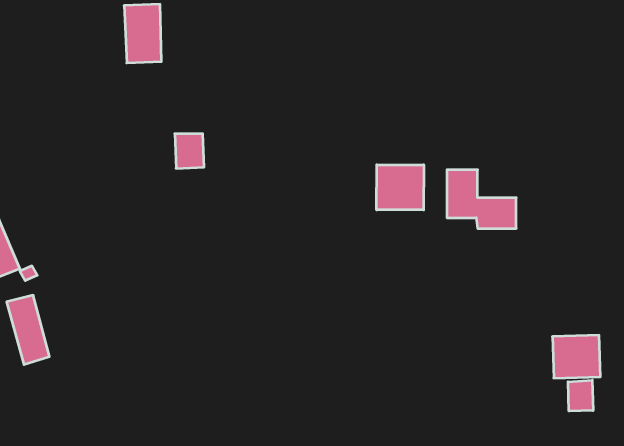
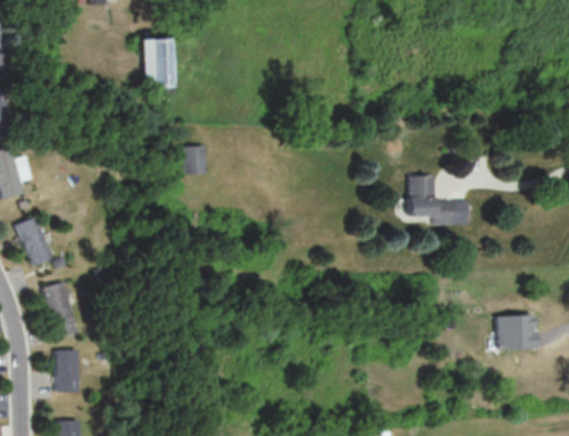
building: [377,165,424,210] -> none
building: none -> [57,349,80,390]
building: [568,380,593,411] -> none

